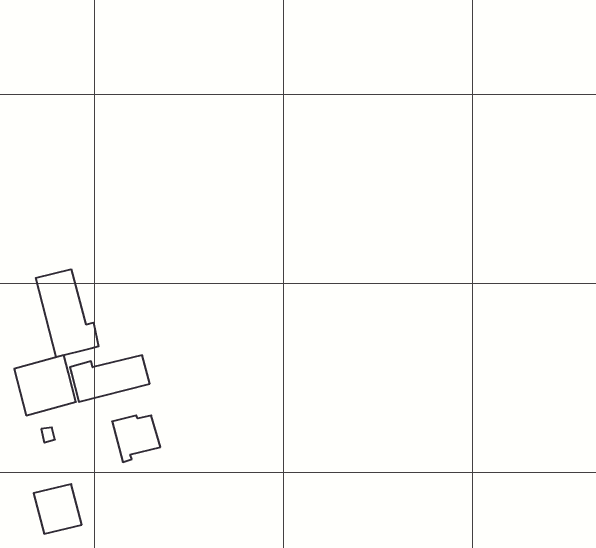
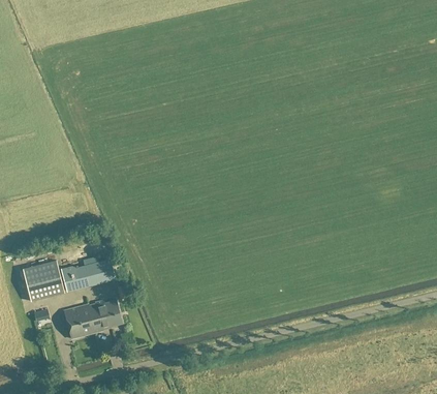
building: [36,269,99,357] -> none
building: [34,484,82,534] -> [63,304,96,338]

